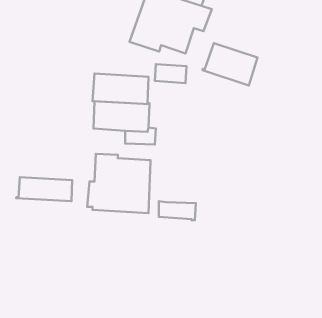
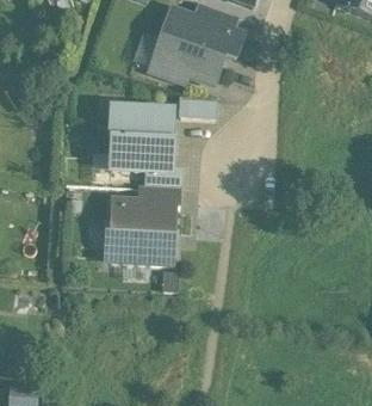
building: [202,43,257,85] -> none
building: [16,177,72,201] -> none
building: [159,201,196,220] -> [137,182,179,203]

